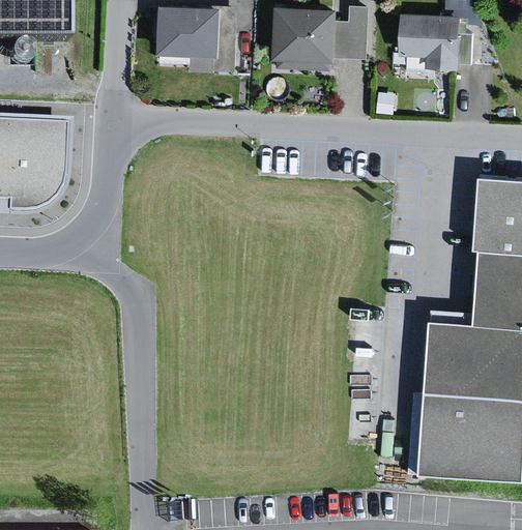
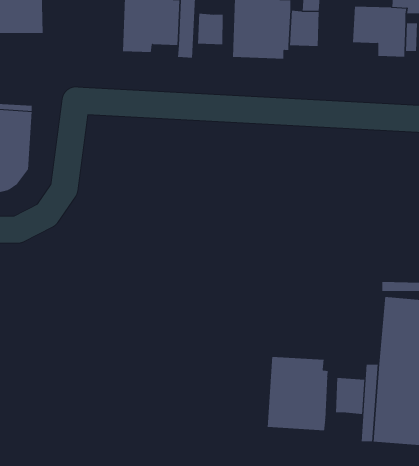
building: none -> [197,13,223,45]
building: none -> [267,356,328,431]
building: none -> [335,377,365,415]

